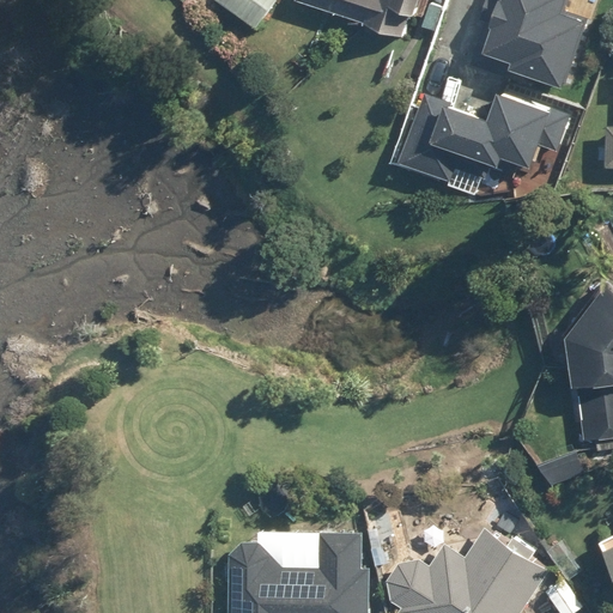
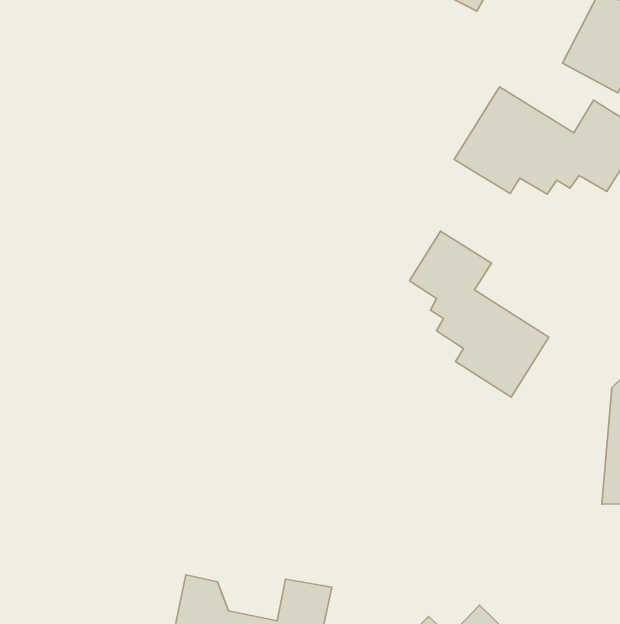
building: none -> [410,231,549,397]

